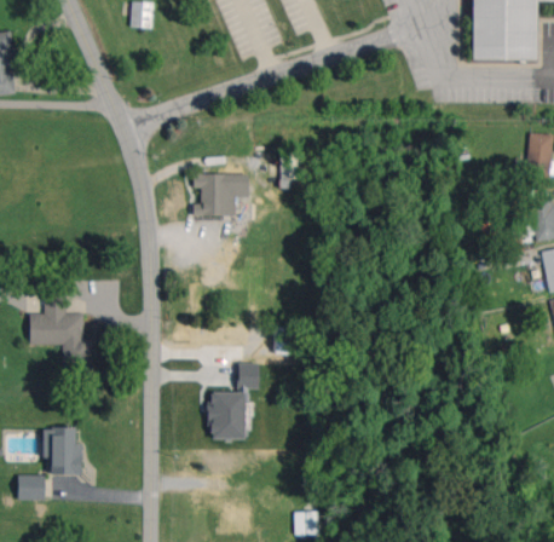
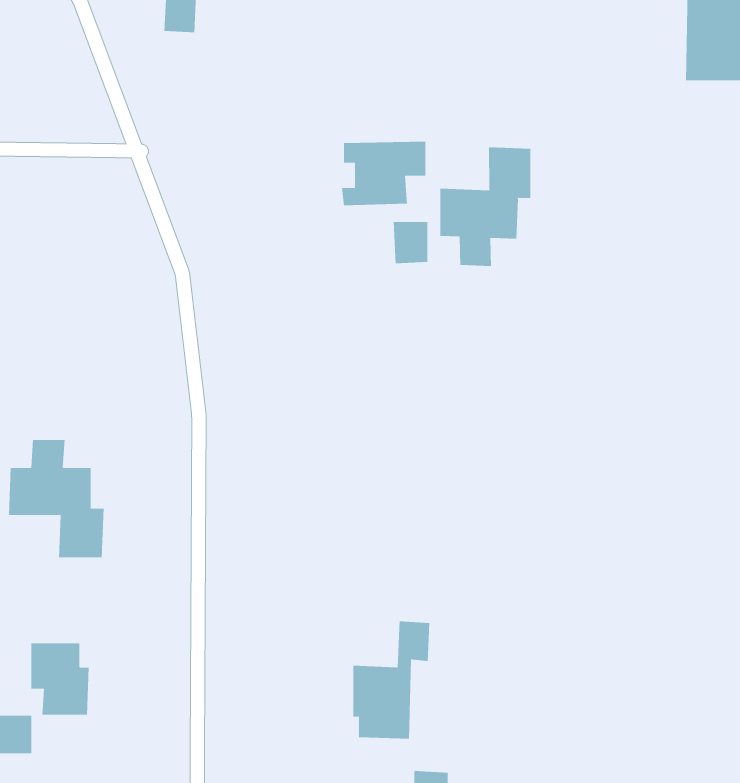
building: none -> [440,147,531,267]
building: [192,173,248,215] -> [341,141,426,206]
building: [208,362,259,439] -> [353,621,430,739]

